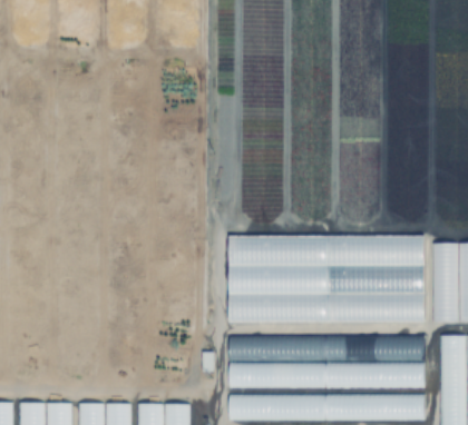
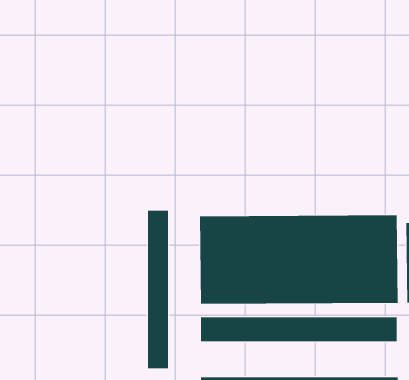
building: none -> [148,210,168,369]
building: [232,362,425,388] -> none

